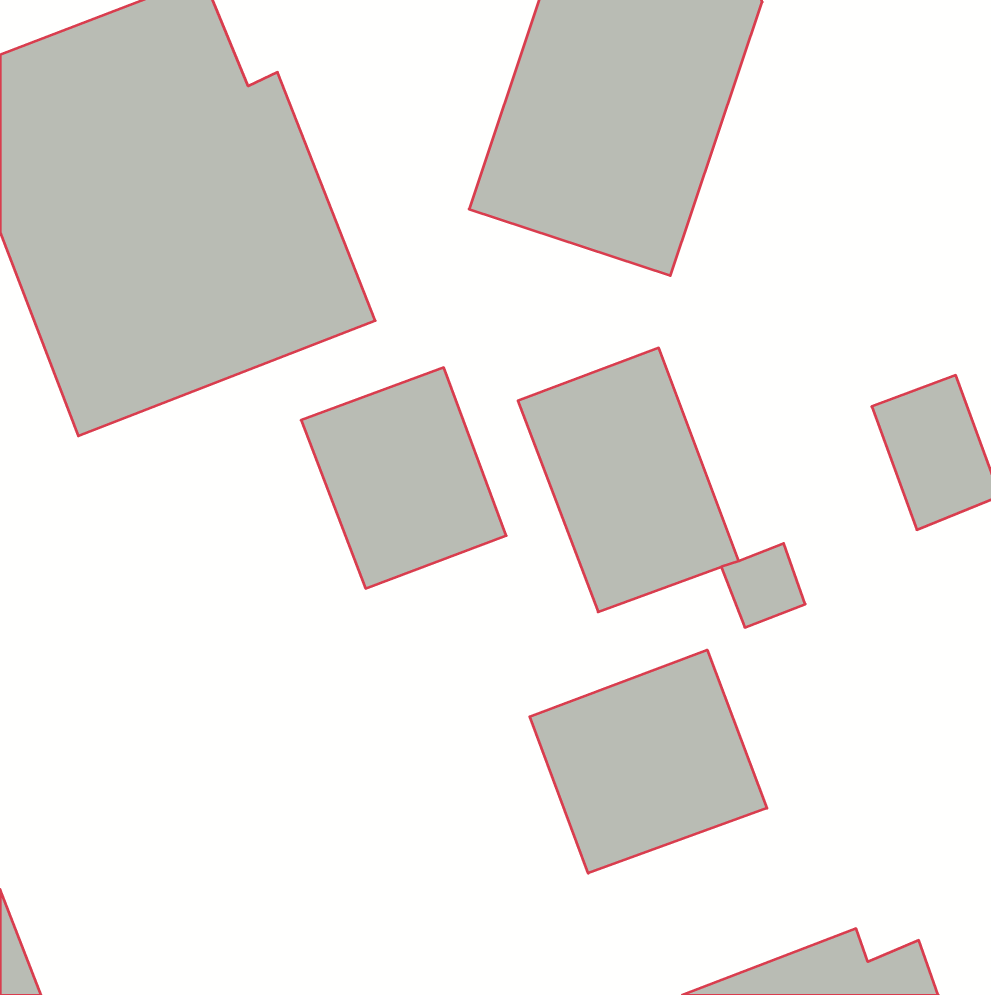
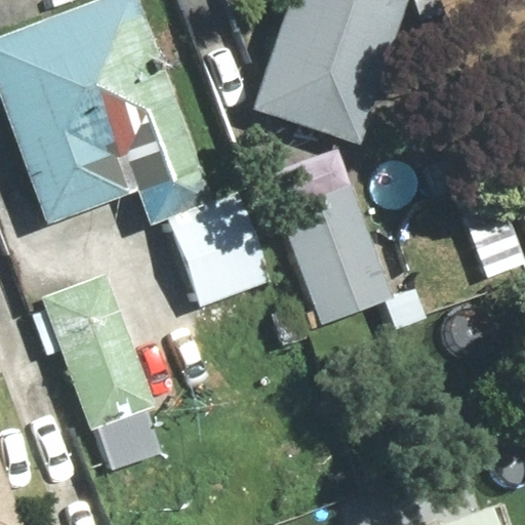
building: none -> [37,272,191,509]
building: [530,650,767,873] -> none

